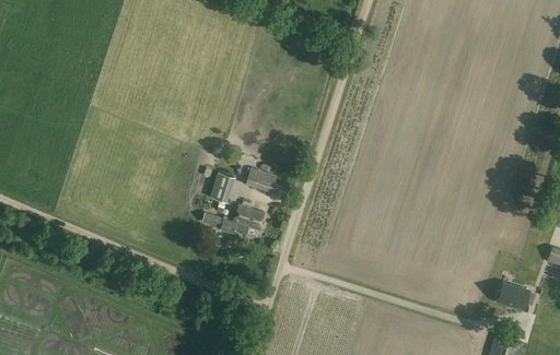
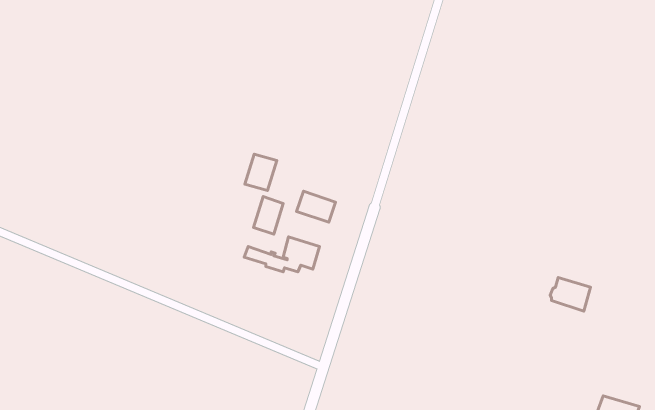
building: none -> [245,154,277,191]
building: [498,283,530,310] -> [550,278,591,311]

